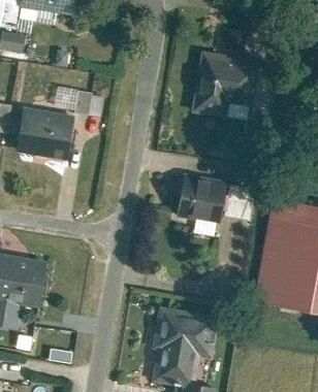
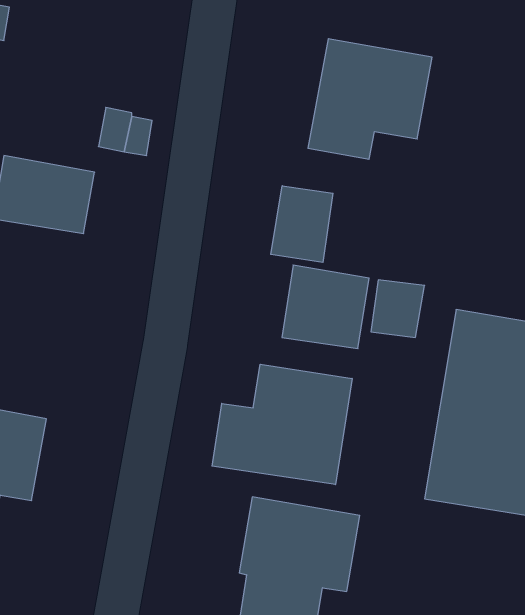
building: none -> [271,186,333,262]
building: none -> [212,364,352,485]

